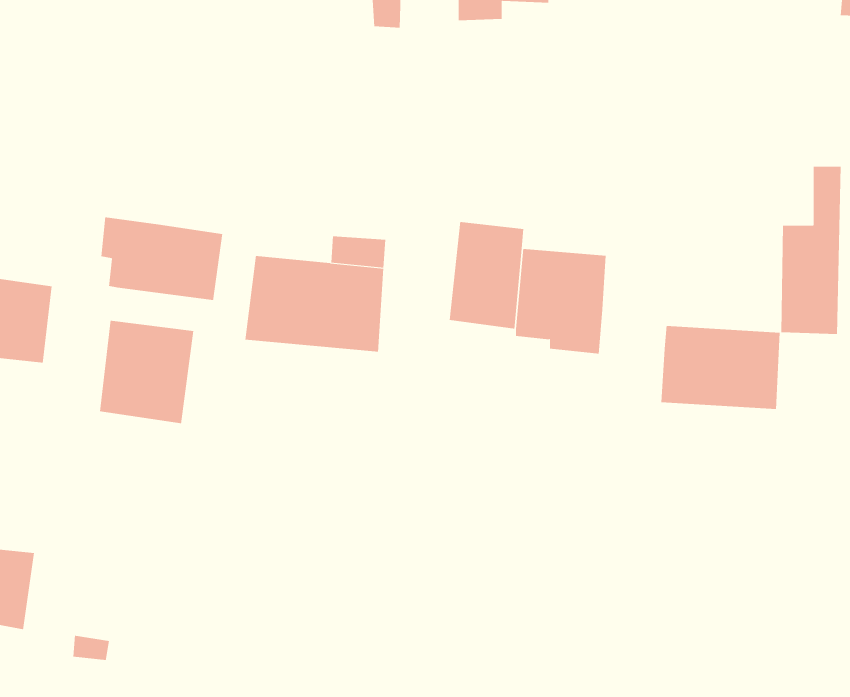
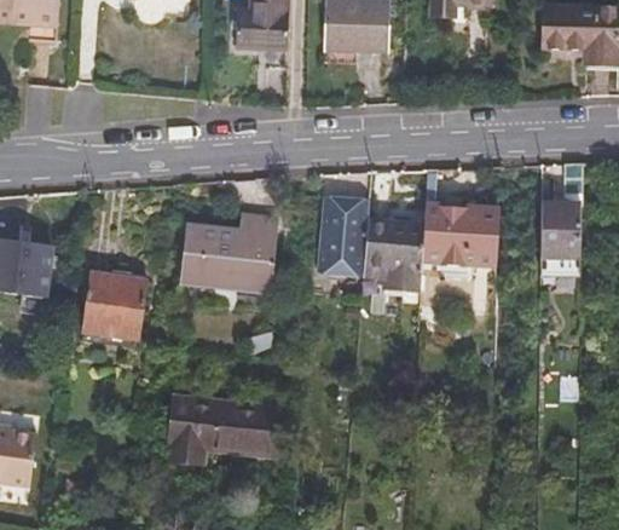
building: [101,217,223,301] -> none
building: [660,325,781,410] -> [422,208,503,265]
building: none -> [167,396,279,463]

